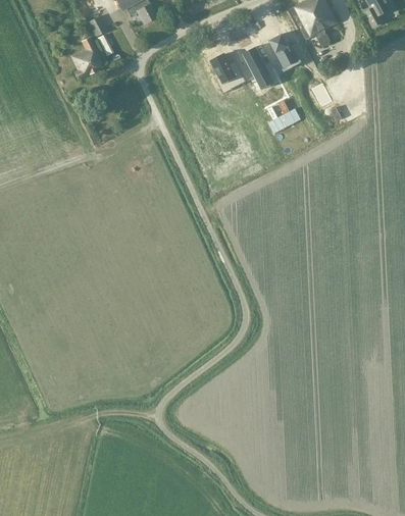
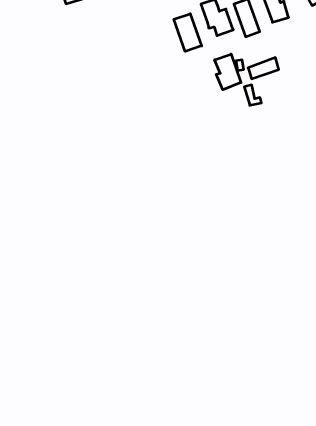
building: none -> [174,14,202,51]
building: none -> [215,54,241,90]

